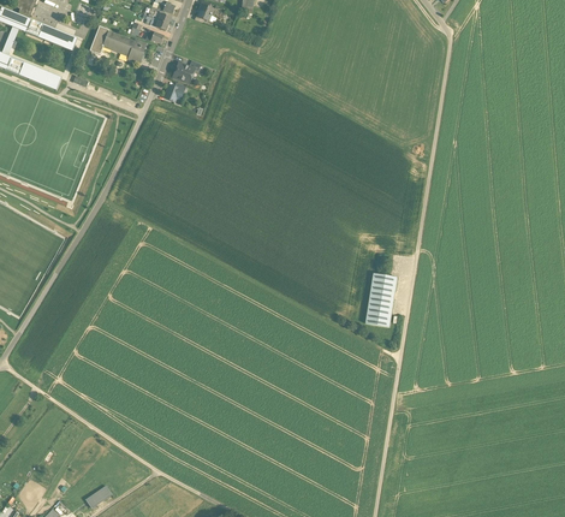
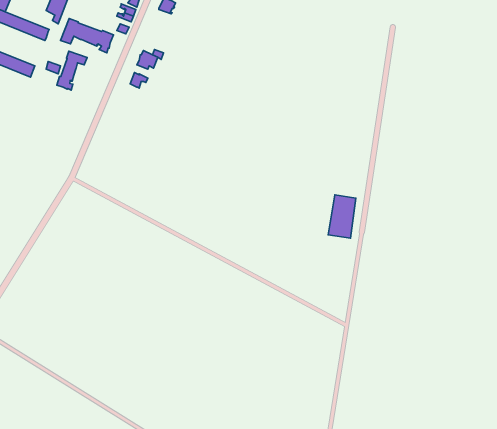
building: none -> [57,51,87,90]
building: [365,274,396,321] -> [328,195,356,238]

